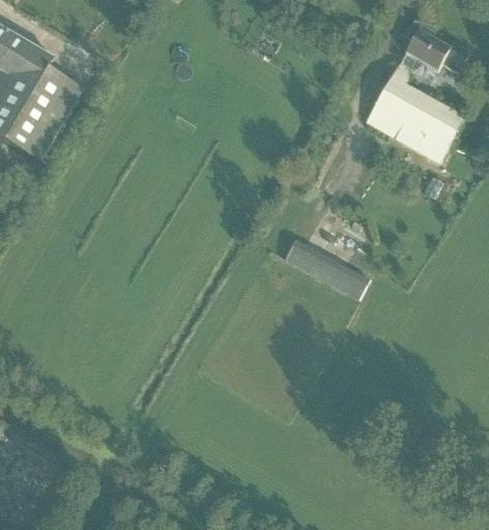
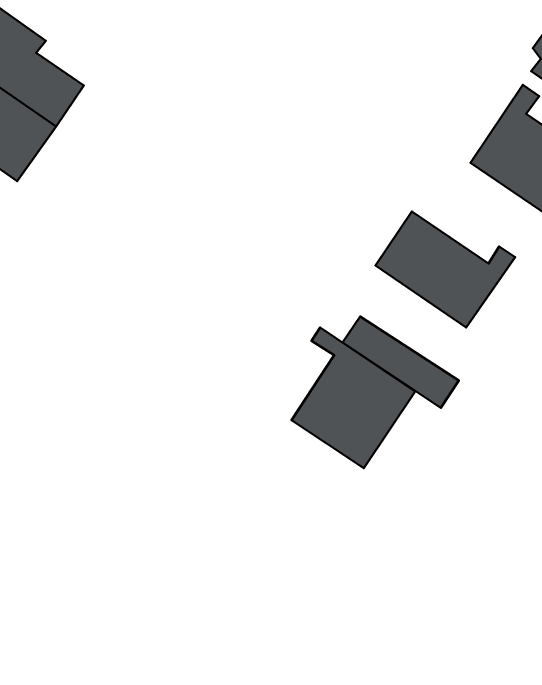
building: none -> [376,211,515,327]
building: none -> [291,328,415,468]

